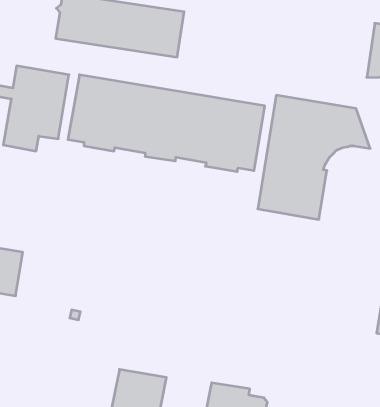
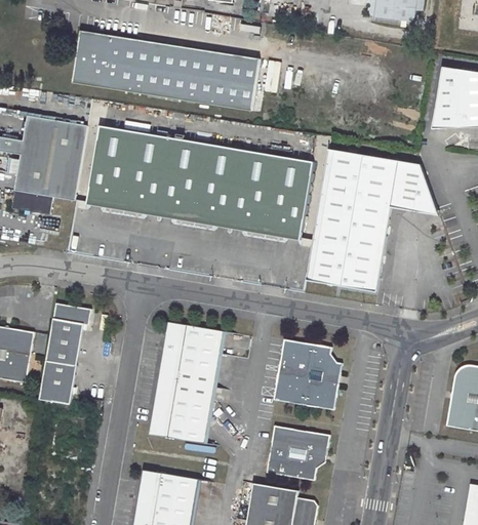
building: none -> [212,53,261,112]
building: none -> [39,301,90,403]
building: none -> [152,319,226,441]
building: none -> [273,337,342,409]
building: none -> [266,425,329,479]

